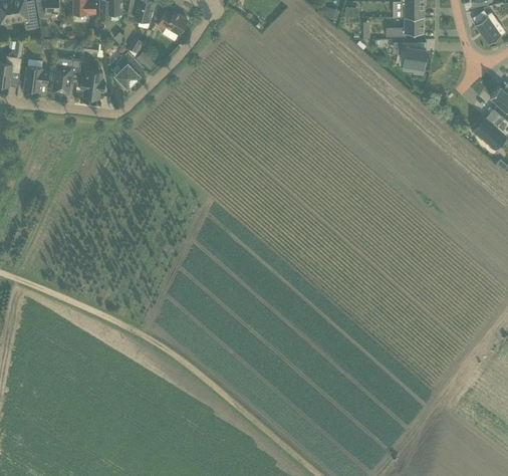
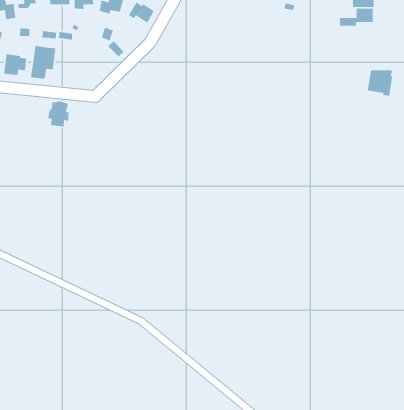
building: [398,41,426,70] -> [367,69,393,96]
building: [115,53,144,87] -> none
building: [80,68,104,97] -> [47,100,70,127]

